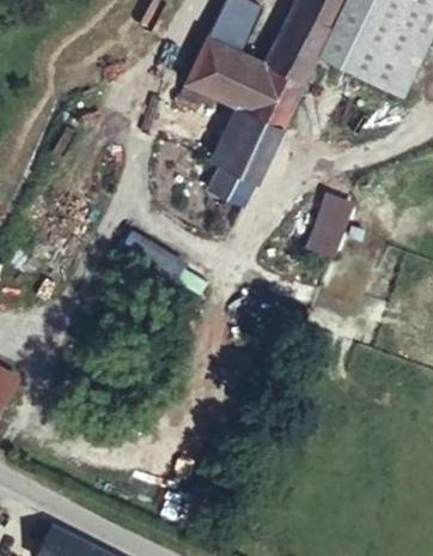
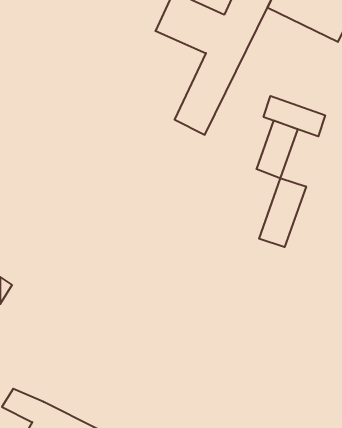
building: none -> [264,96,325,136]
building: none -> [259,178,306,247]

